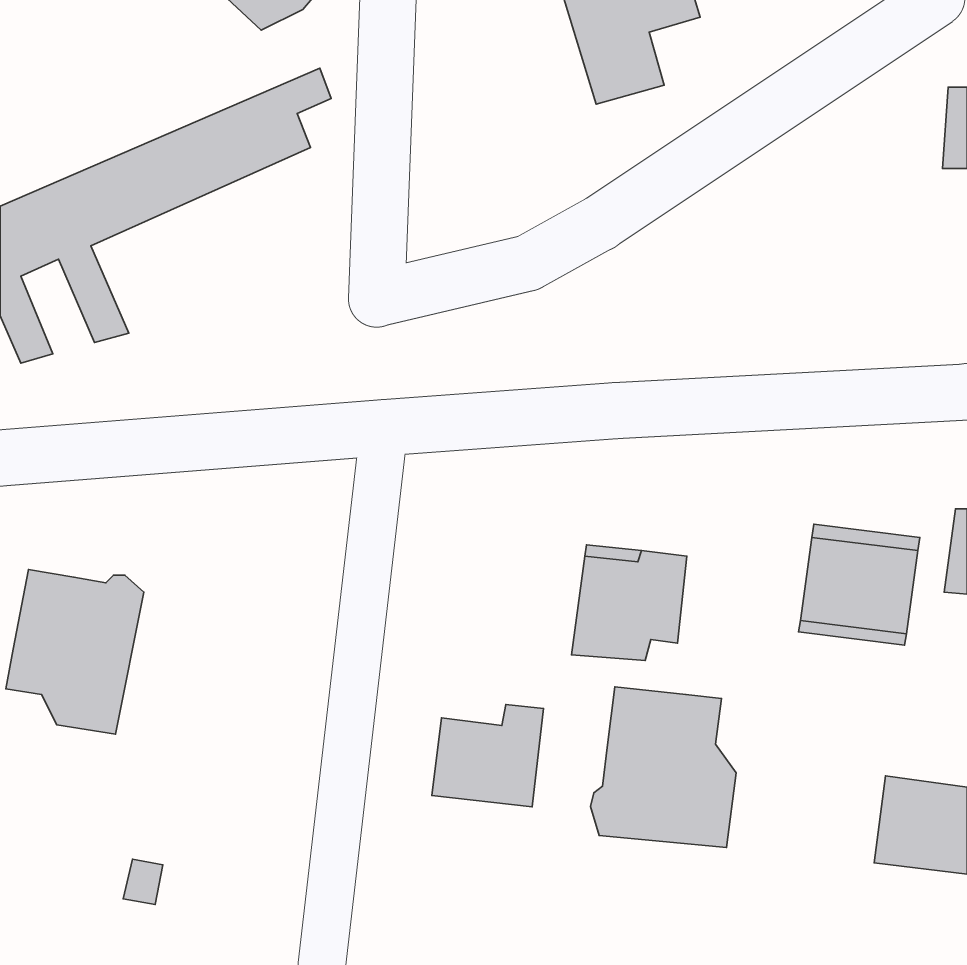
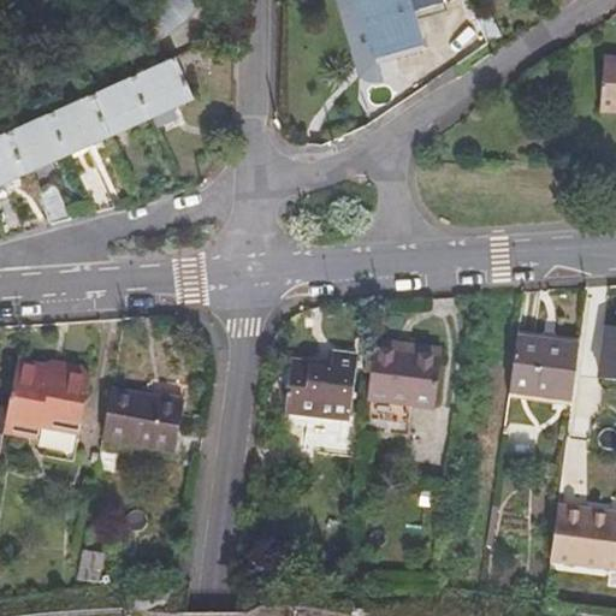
building: none -> [103,389,183,450]
building: [591,687,736,848] -> none
building: [432,705,544,807] -> [282,357,353,422]

